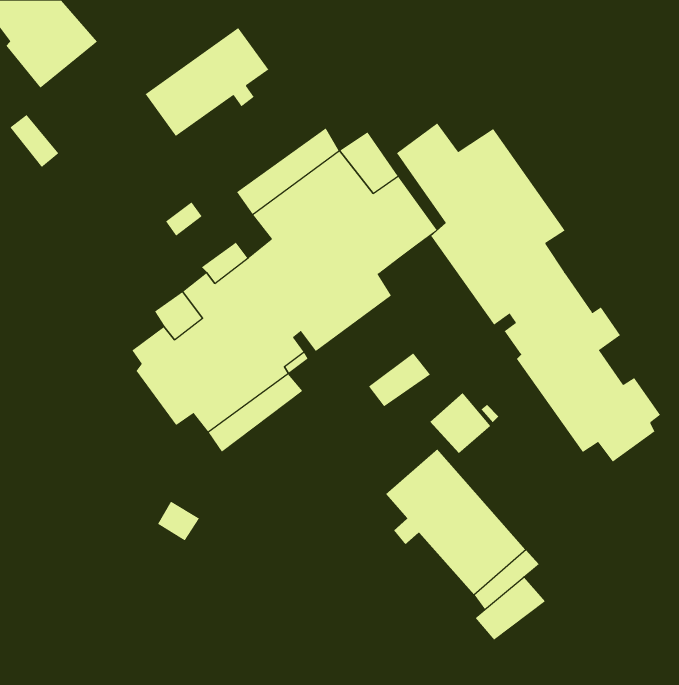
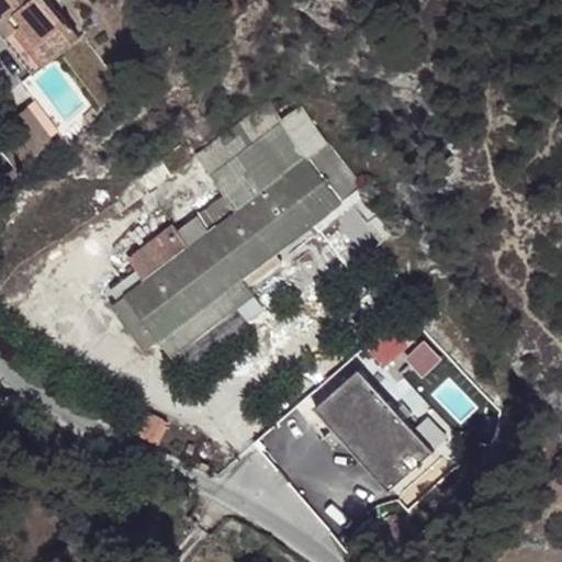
building: [145,27,269,137] -> none
building: [396,123,661,463] -> none
building: [368,352,431,407] -> none
building: [475,577,546,641] -> none

